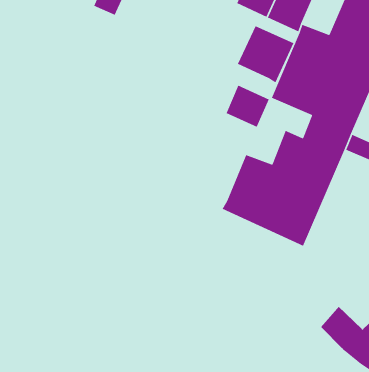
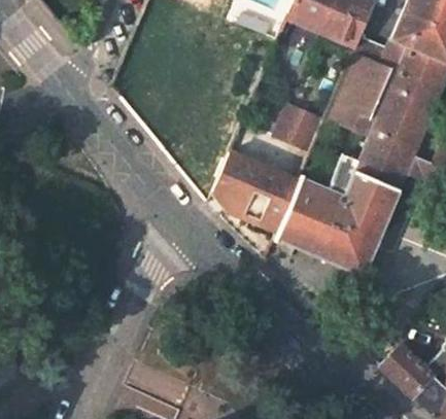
building: [237,25,294,83] -> none
building: none -> [212,149,299,230]

